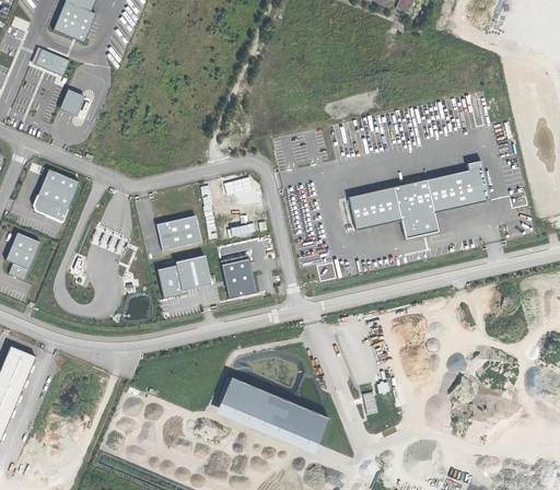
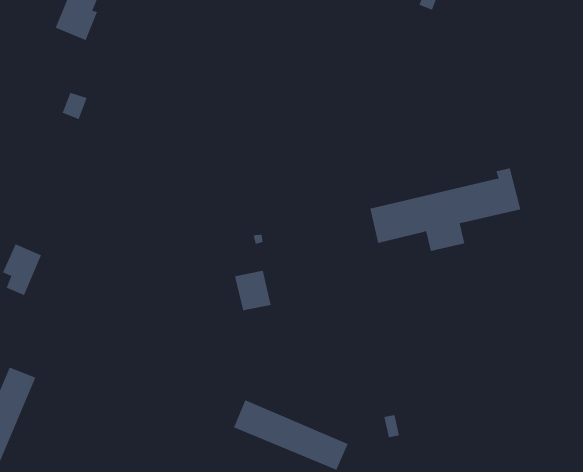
building: [32,47,68,75] -> none
building: [34,170,79,221] -> none
building: [156,217,200,249] -> none
building: [158,256,211,298] -> none

